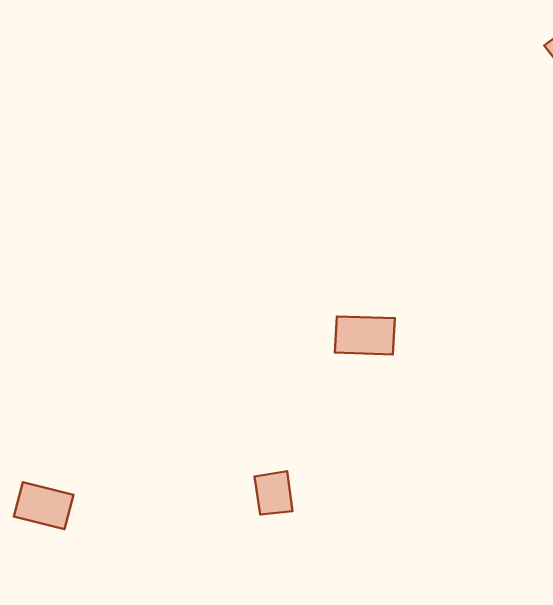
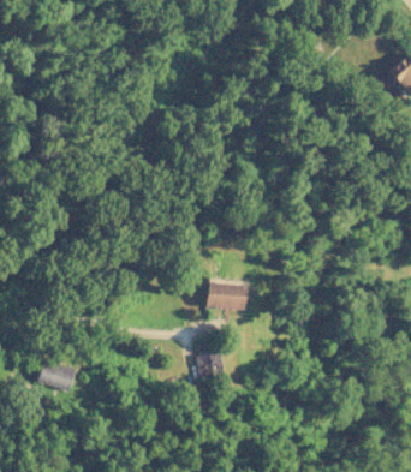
building: [335,316,395,354] -> [207,283,246,309]

